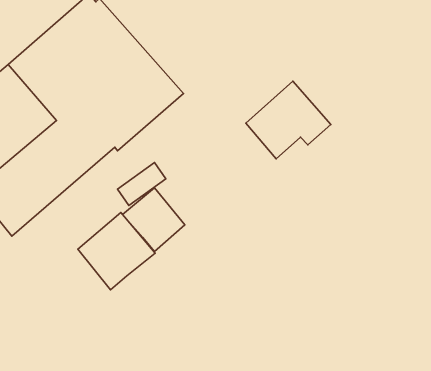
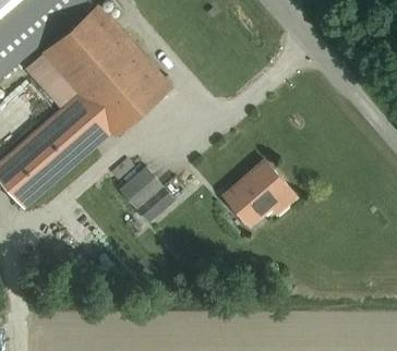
building: [246,81,331,159] -> [224,160,297,227]
building: [78,212,155,290] -> none

